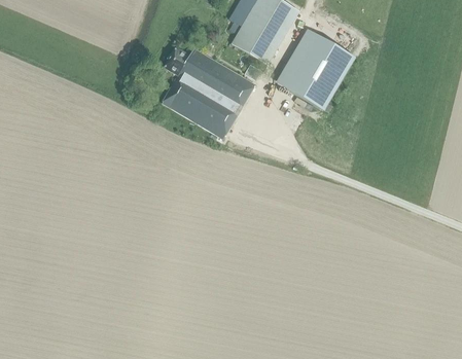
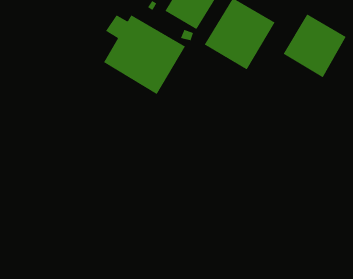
building: none -> [283,13,347,78]

